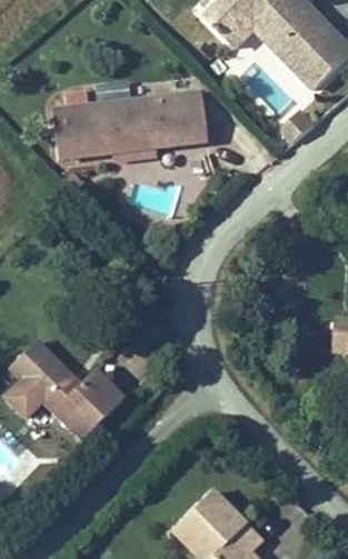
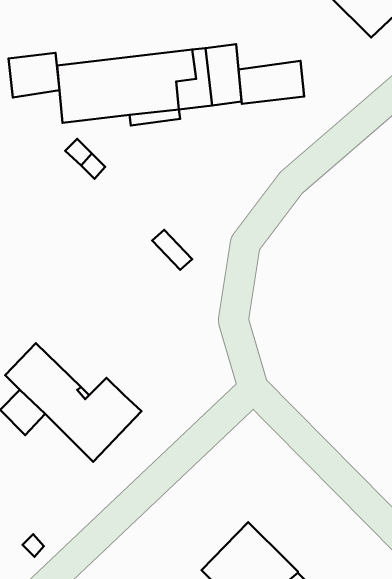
building: none -> [8,53,60,97]
building: none -> [239,61,304,104]

